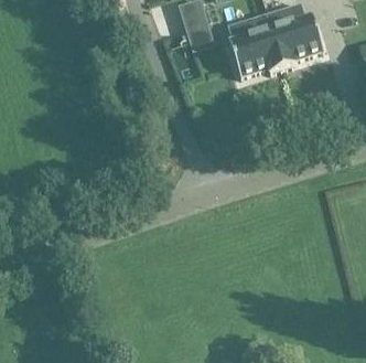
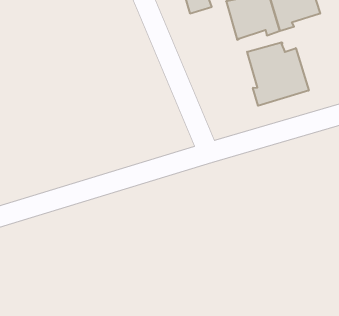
building: none -> [247,42,309,106]

